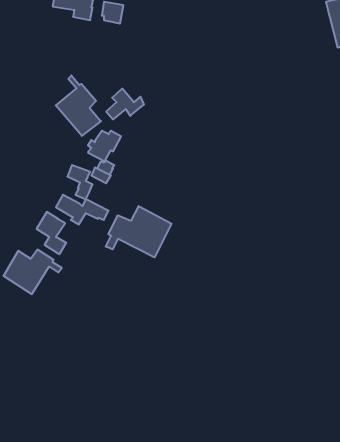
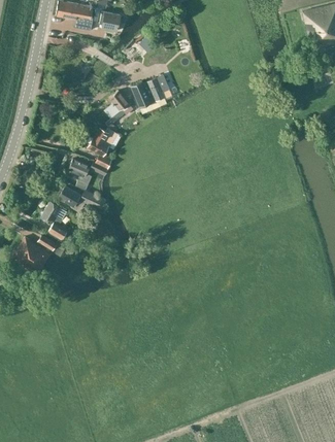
building: none -> [132,74,165,107]
building: [56,75,101,136] -> none
building: [106,206,171,257] -> none

